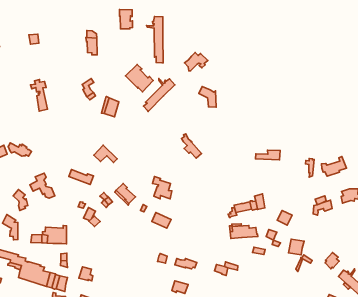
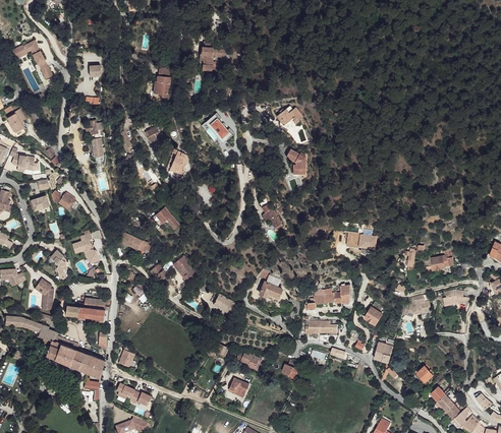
building: [146,17,163,63] -> none
building: [144,78,175,111] -> none
building: [153,177,172,199] -> [257,273,279,302]

